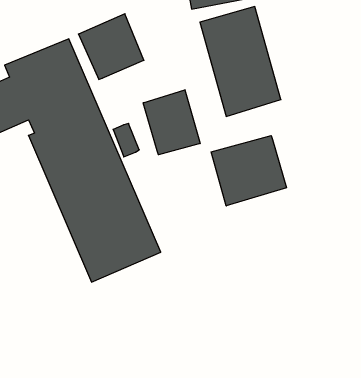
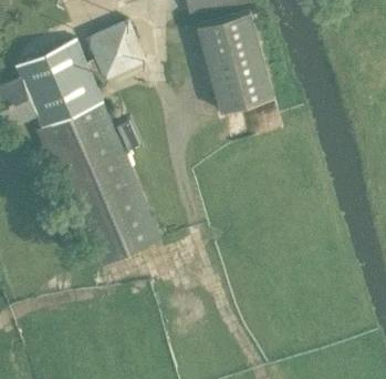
building: [143,90,200,155] -> none
building: [211,136,287,206] -> none

